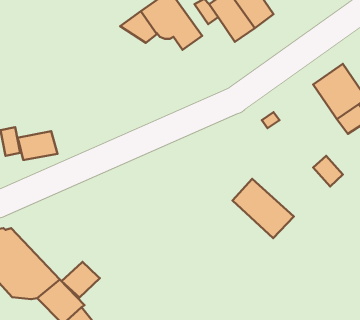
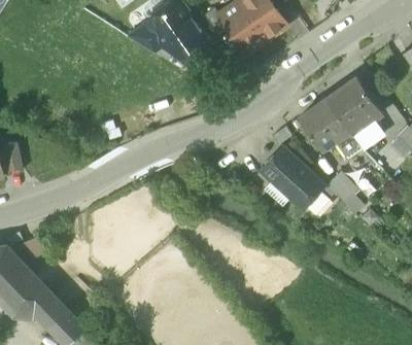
building: none -> [299,98,349,147]
building: [17,131,58,160] -> none
building: [233,179,294,238] -> [261,147,324,209]
building: [62,262,100,298] -> none

